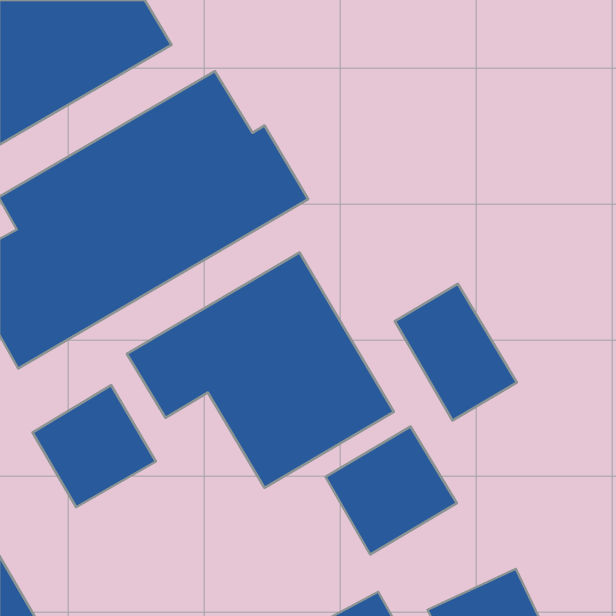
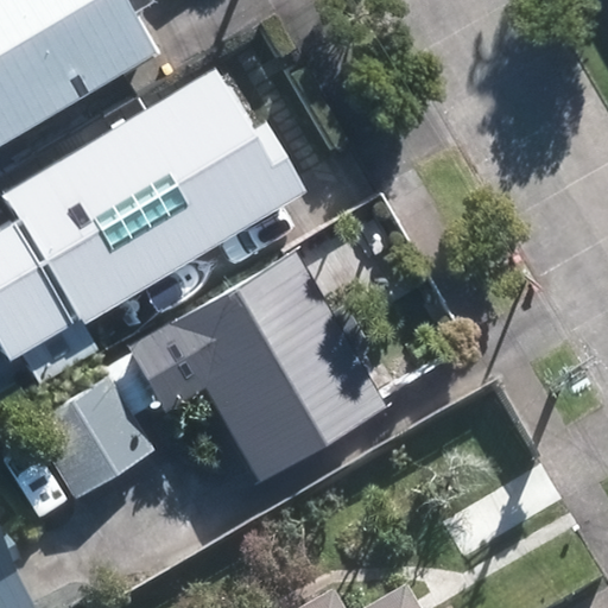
building: [395,284,517,420] -> none
building: [326,426,457,554] -> none

